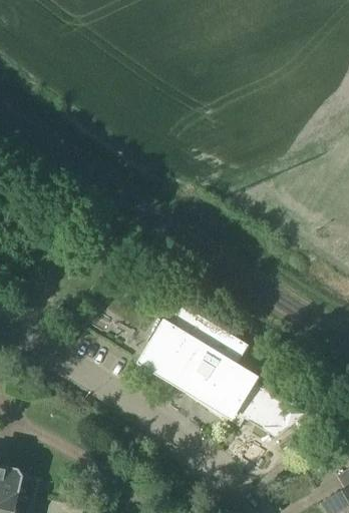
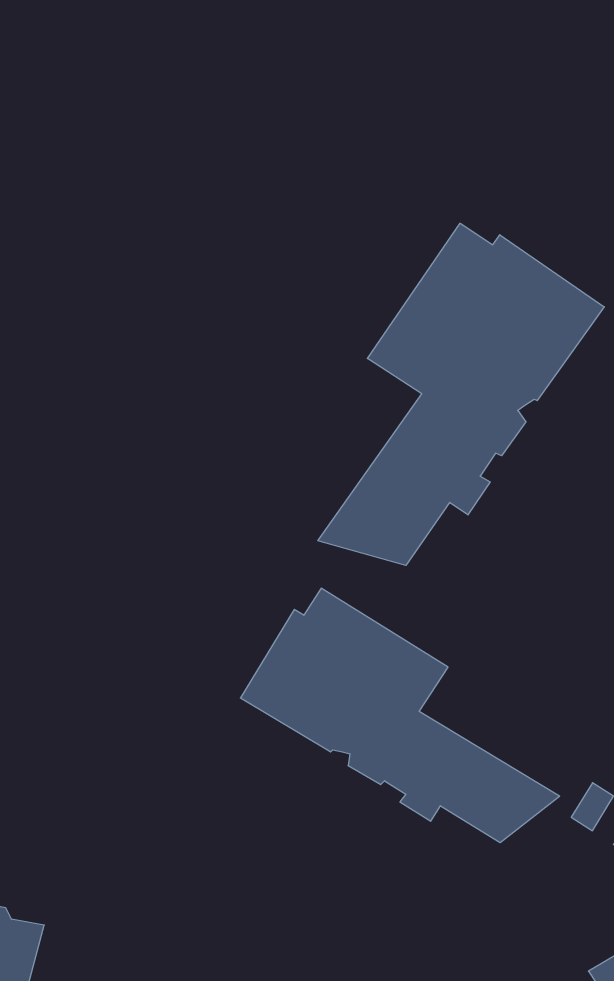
building: none -> [318,223,604,565]

